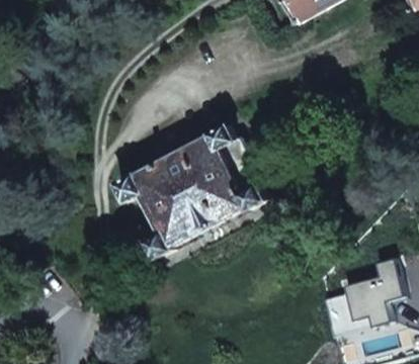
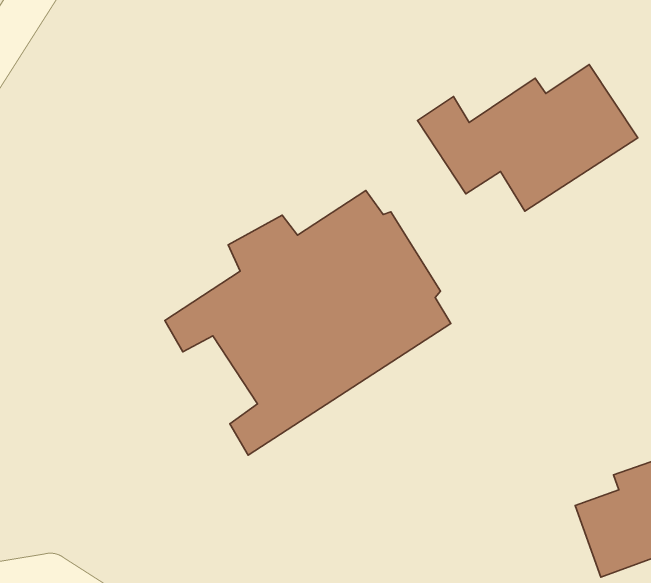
building: none -> [417,65,638,211]

